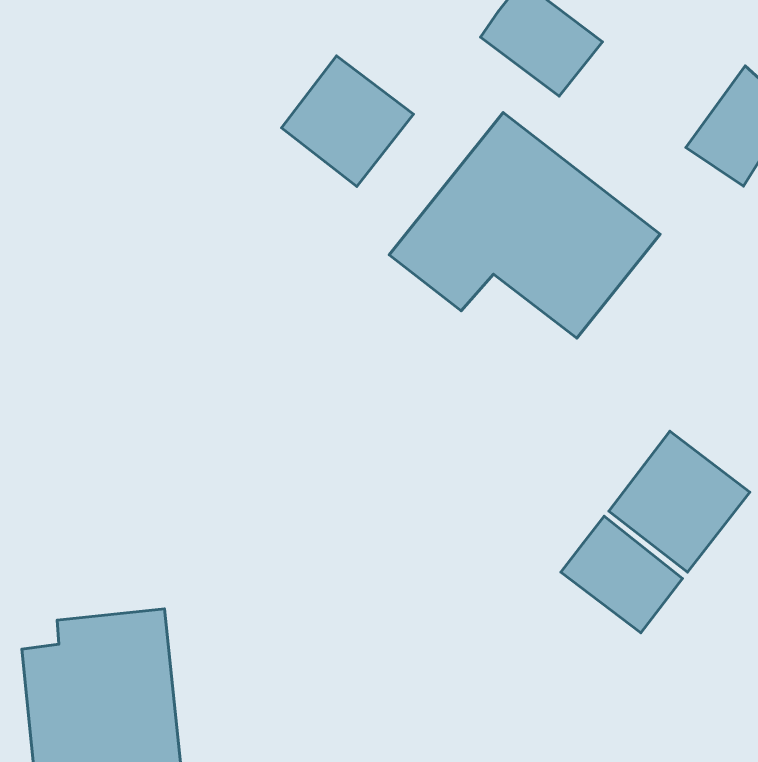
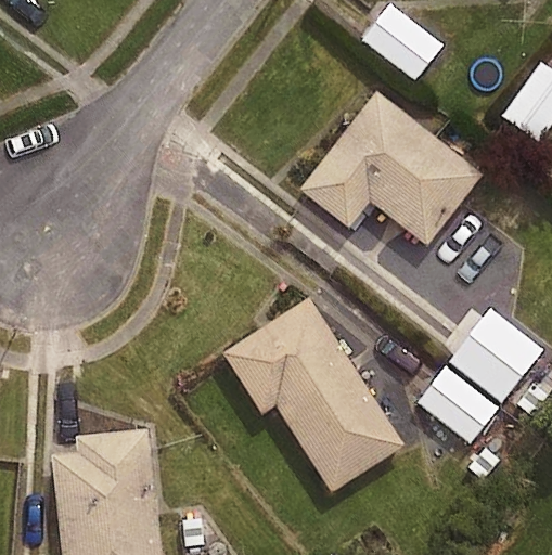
building: [281,56,413,187] -> none
building: none -> [223,298,403,492]

